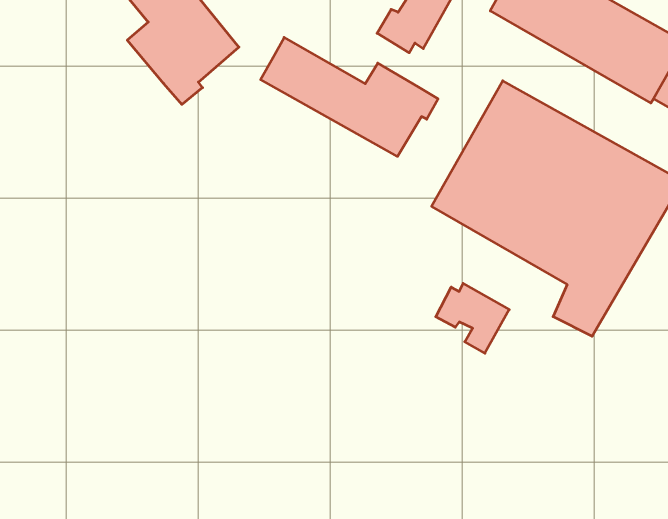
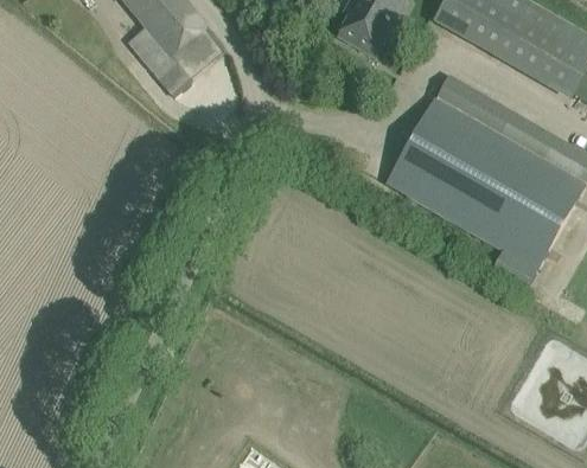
building: [261,37,438,156] -> none
building: [436,283,509,353] -> none

